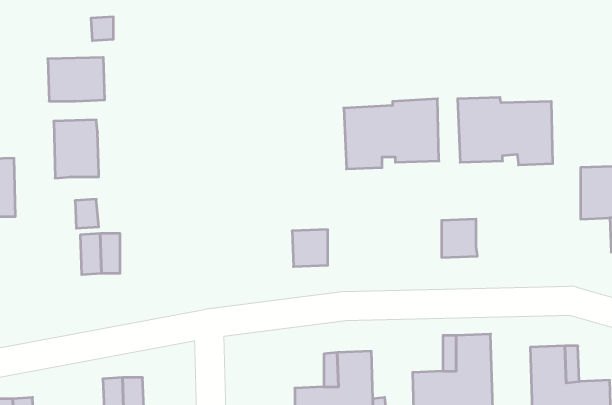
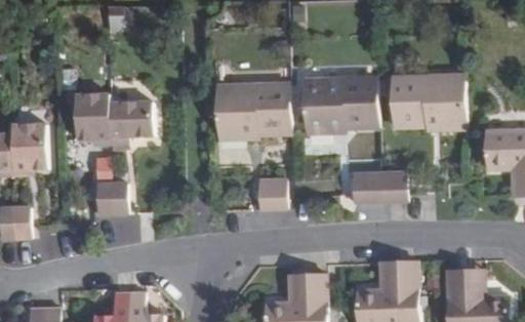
building: [48,57,105,101] -> [111,103,155,136]
building: none -> [214,84,287,137]
building: none -> [350,172,377,203]

